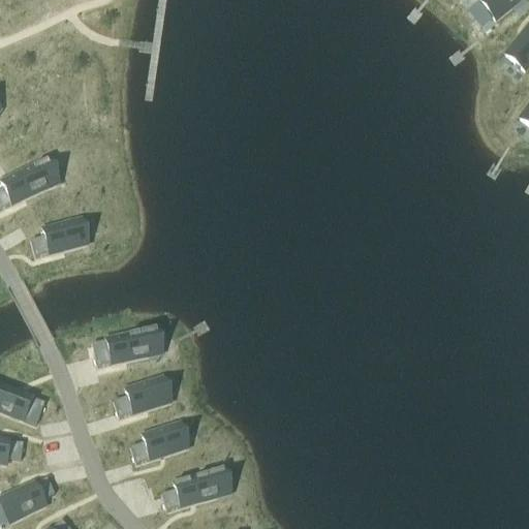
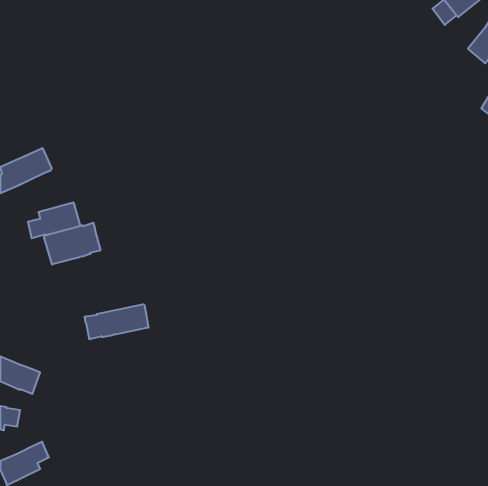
building: none -> [44,223,100,265]
building: [115,376,172,416] -> none
building: [131,423,188,462] -> none
building: [162,468,230,509] -> none

